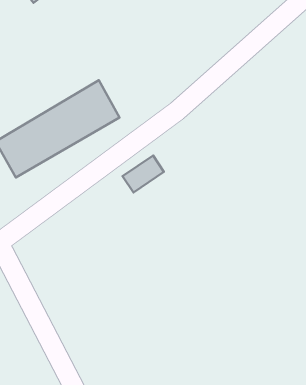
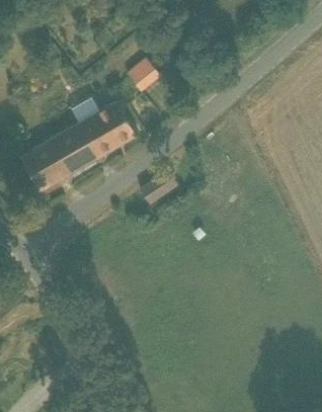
building: none -> [125,58,160,93]

